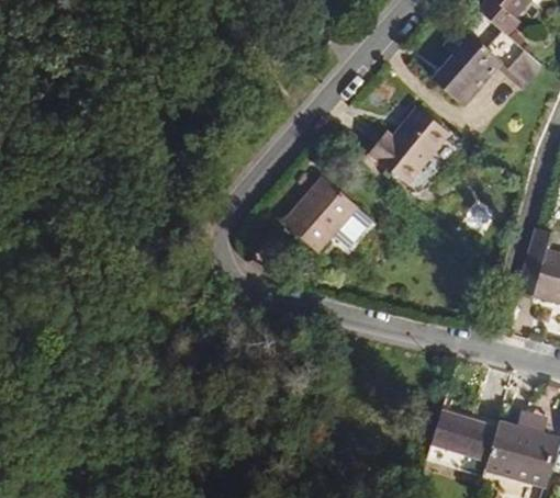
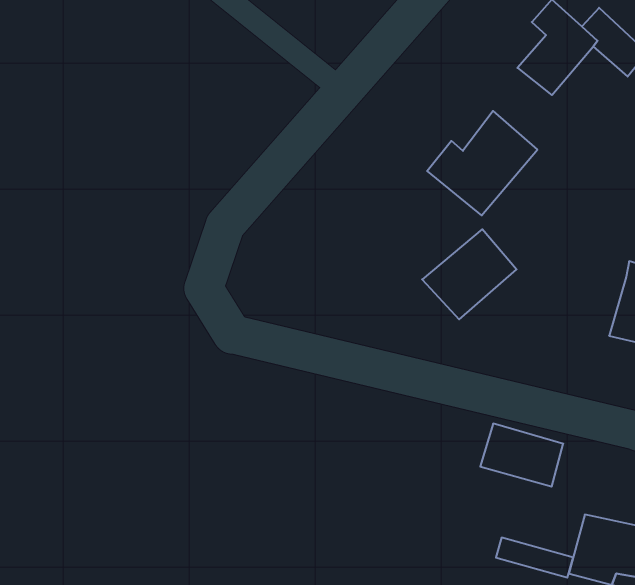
building: [280,182,352,251] -> [422,229,517,319]
building: [436,406,500,454] -> [480,424,563,487]

